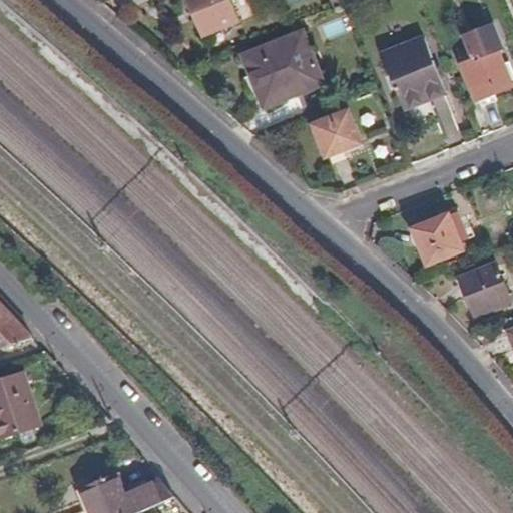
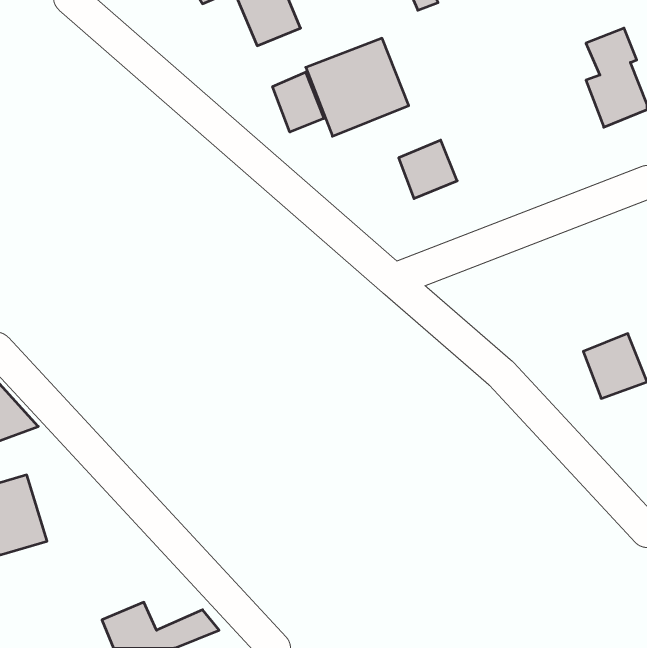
building: [381,40,445,109] -> none
building: none -> [273,72,324,132]
building: [413,214,461,264] -> none

